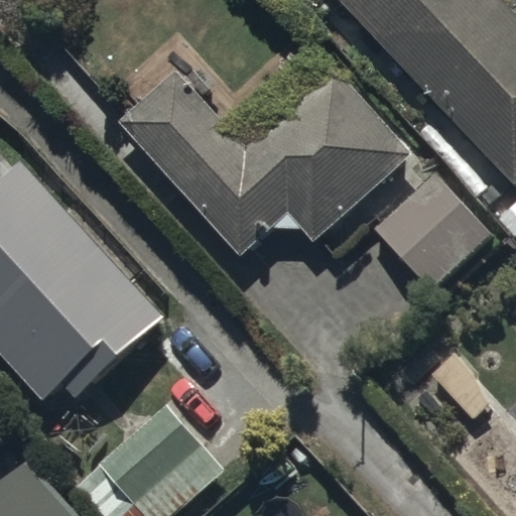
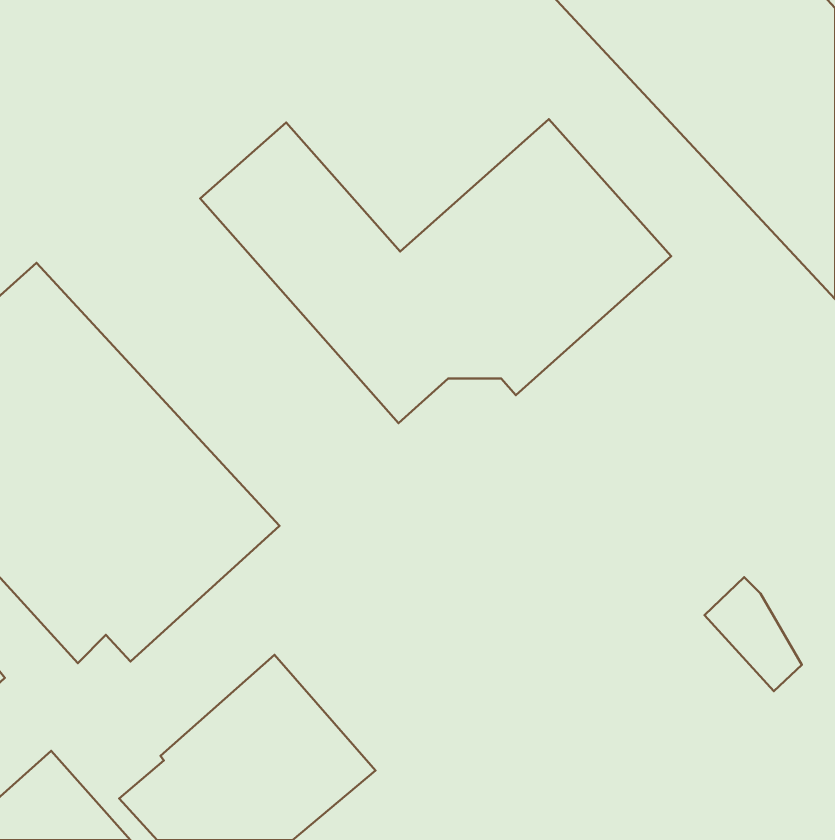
building: [374,170,492,291] -> none

